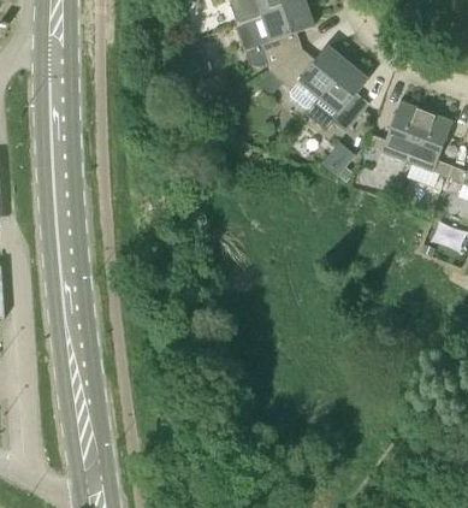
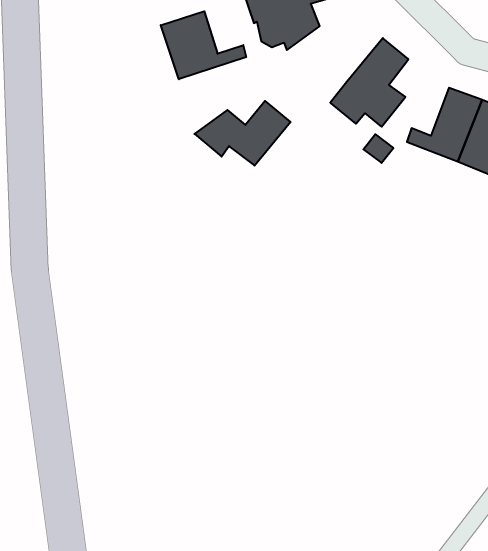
building: none -> [161,11,246,79]
building: [269,43,346,95] -> [194,101,291,166]

